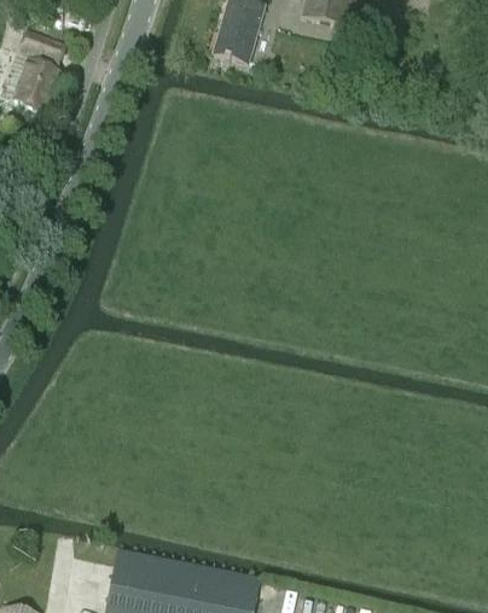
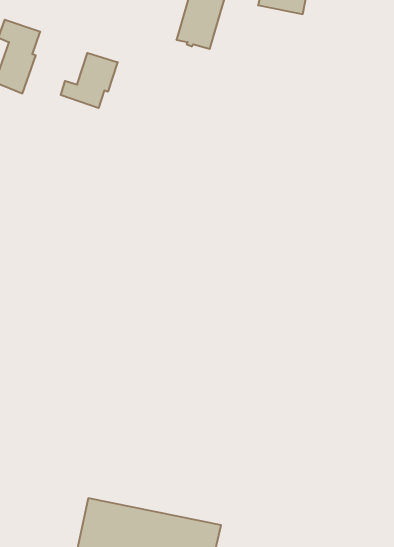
building: none -> [61,53,118,108]

